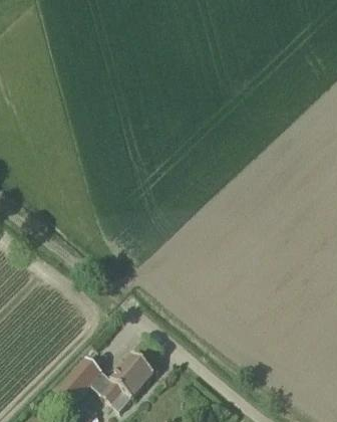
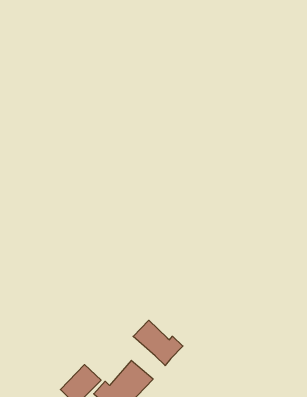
building: none -> [133,320,183,366]

